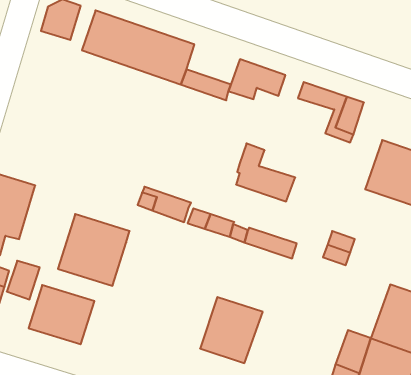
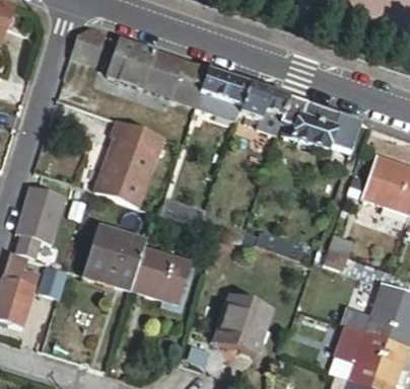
building: none -> [200,70,248,105]
building: none -> [97,121,164,208]
building: [236,143,295,201] -> [279,97,332,149]
building: [29,285,94,344] -> [134,246,193,299]

